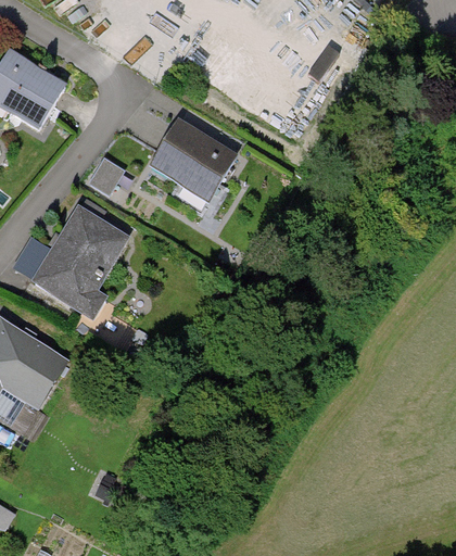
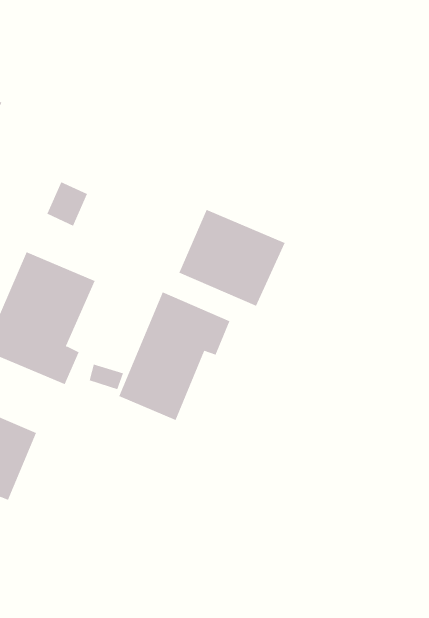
building: [144,118,235,203] -> [179,209,285,307]
building: none -> [118,292,230,421]

